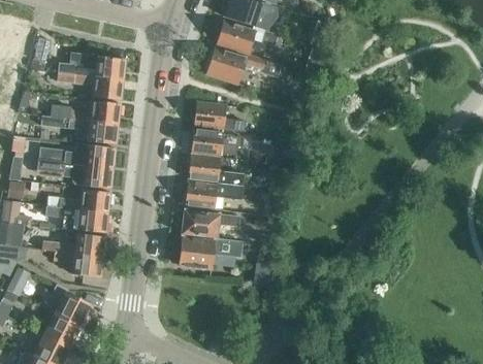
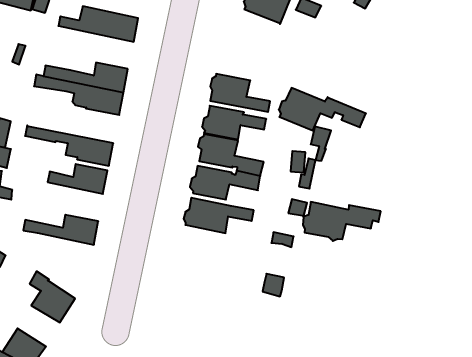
building: [205,47,281,82] -> [279,88,366,131]
building: [56,71,123,99] -> none
building: [38,144,115,168] -> none
building: [45,205,107,232] -> none
building: [175,237,242,269] -> [303,202,381,241]
building: [53,251,103,276] -> none
building: [43,313,79,348] -> none

